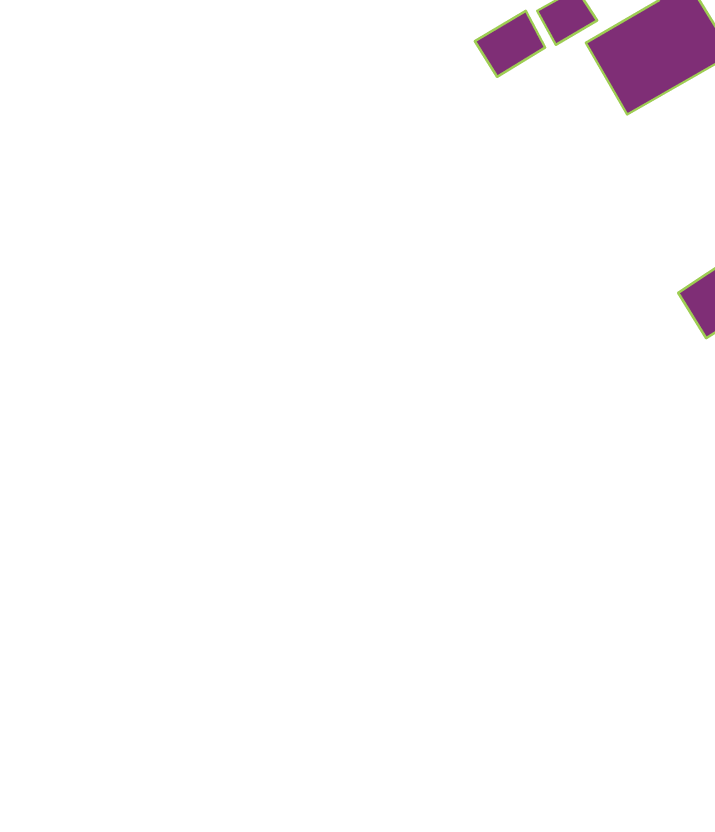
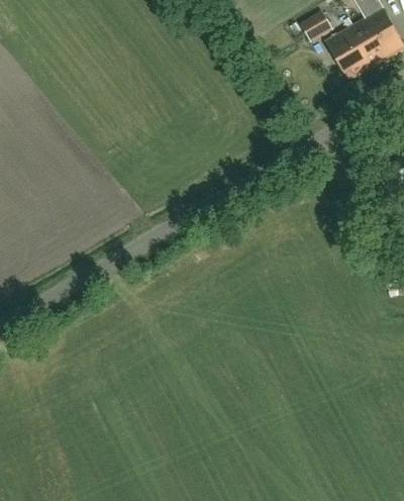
building: [475,11,545,77] -> none

